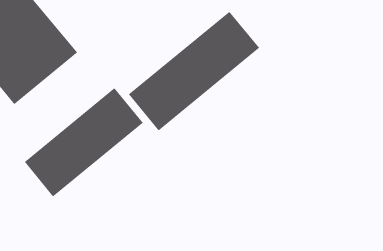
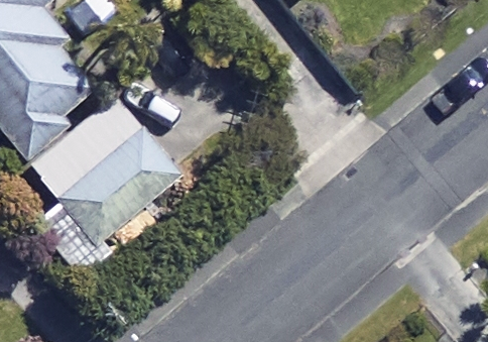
building: [128,11,260,131] -> none

